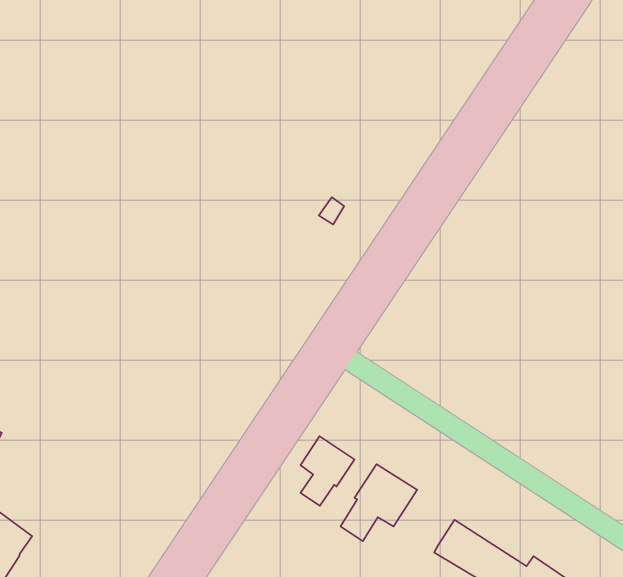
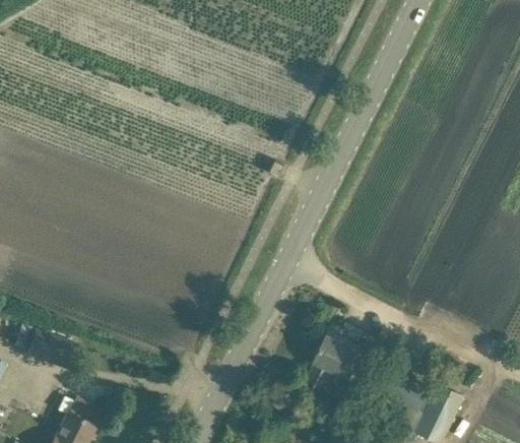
building: [300,436,354,506] -> none

